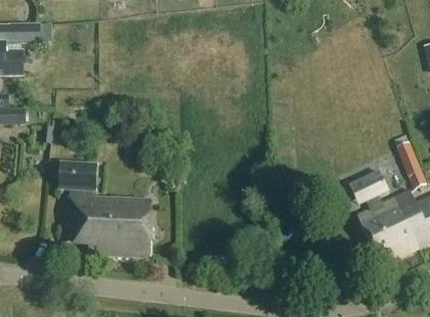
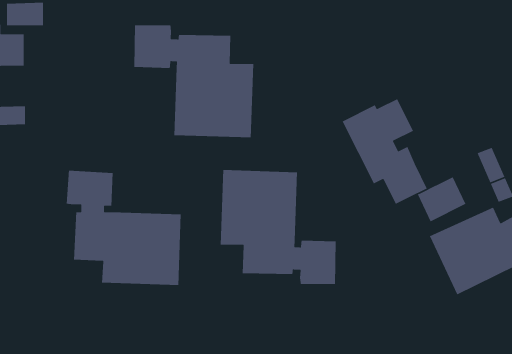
building: none -> [134,24,254,138]
building: none -> [342,98,428,205]
building: none -> [220,169,336,285]

